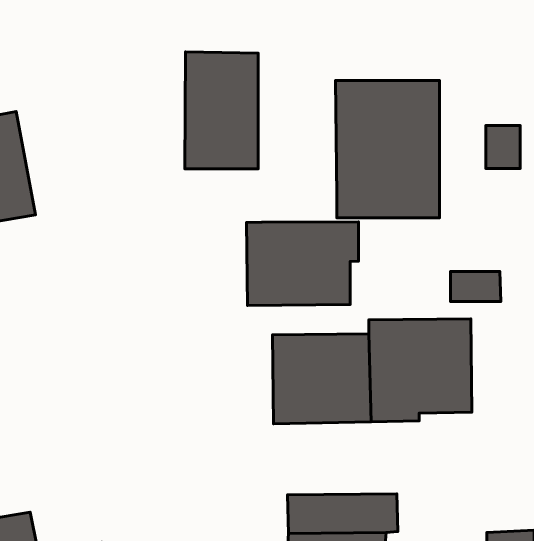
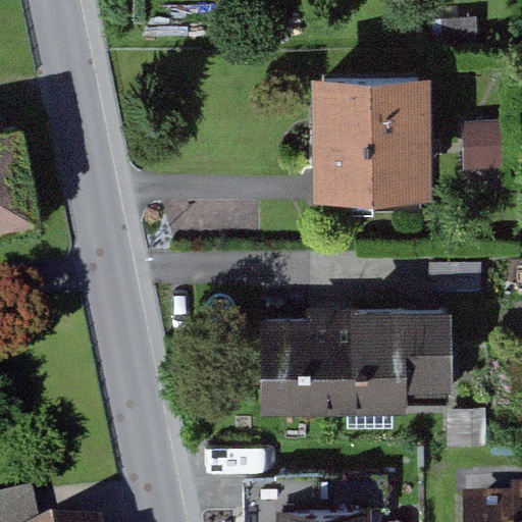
building: [185,52,258,169] -> none
building: [247,222,359,306] -> none

